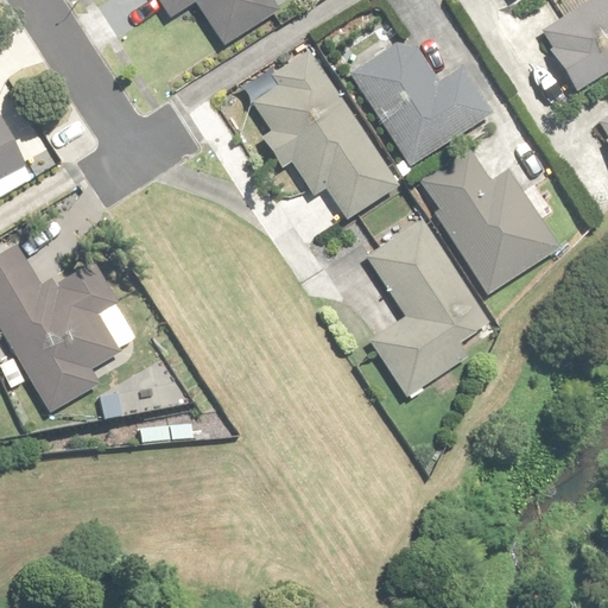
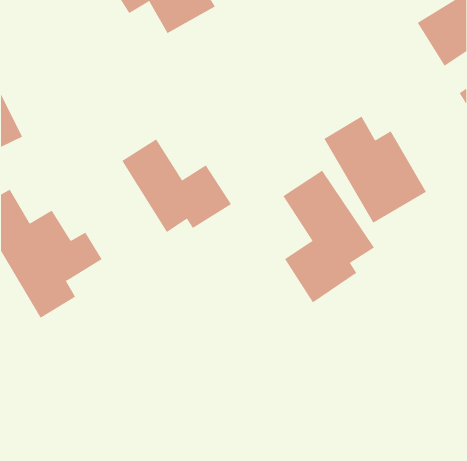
building: [353,38,489,163] -> none
building: [253,49,395,216] -> none
building: none -> [122,139,232,233]

